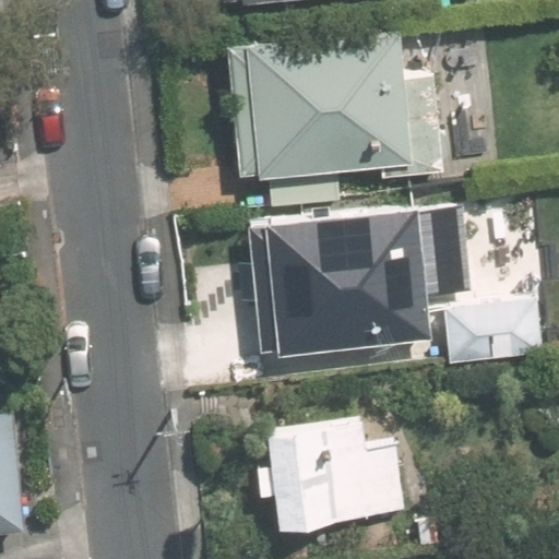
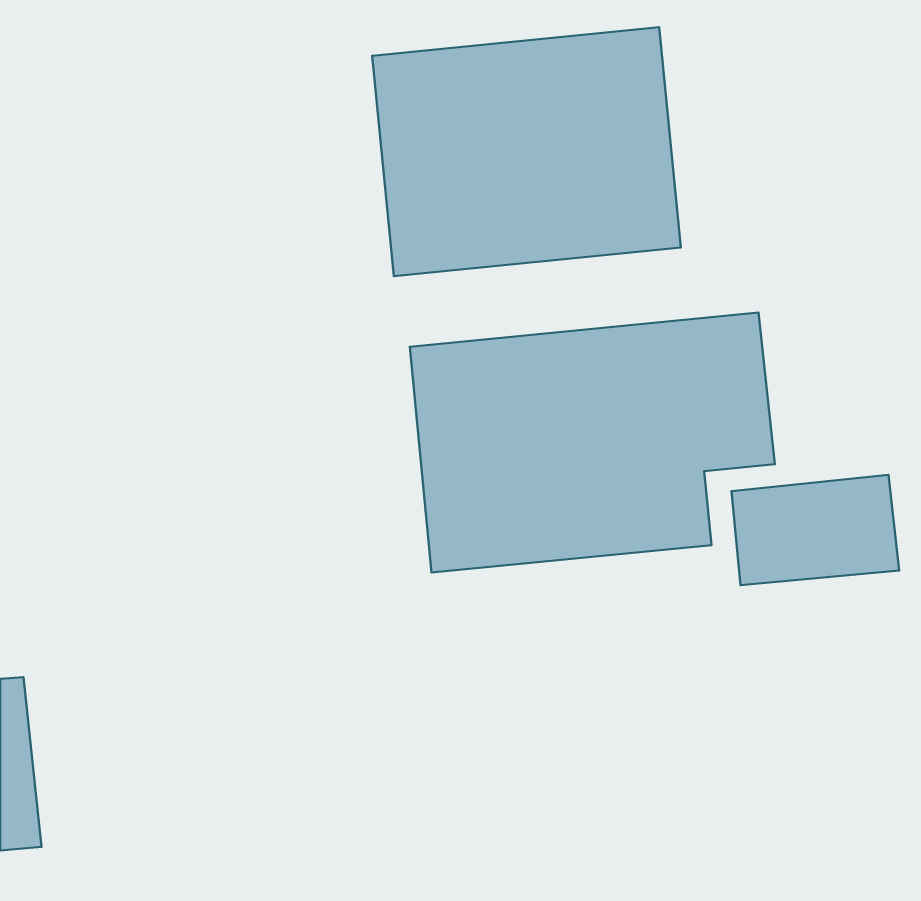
building: [266,425,408,533] -> none

